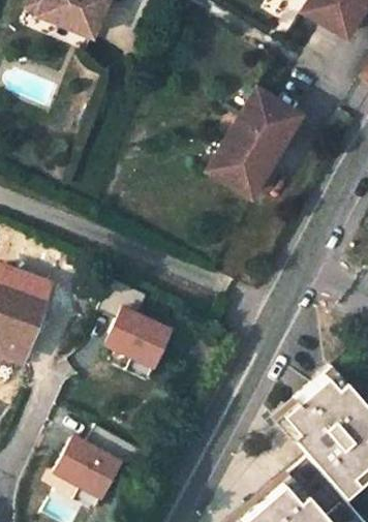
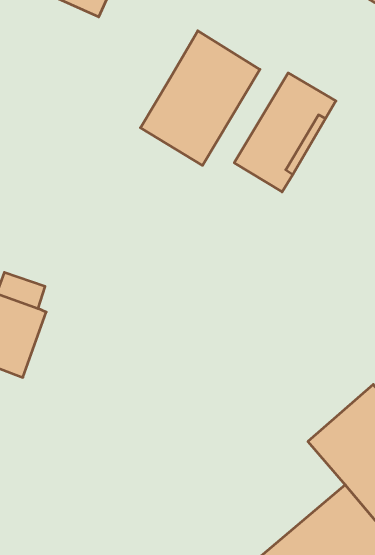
building: none -> [140,31,260,165]
building: [97,301,171,368] -> none
building: [50,432,121,496] -> none

